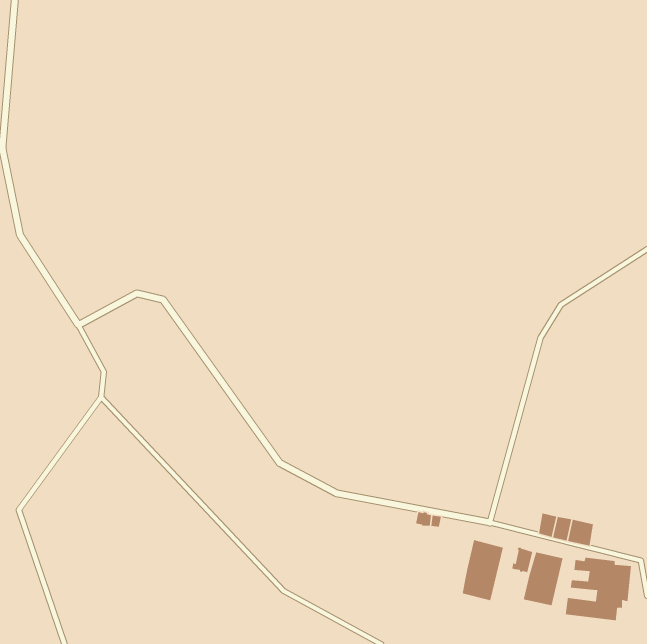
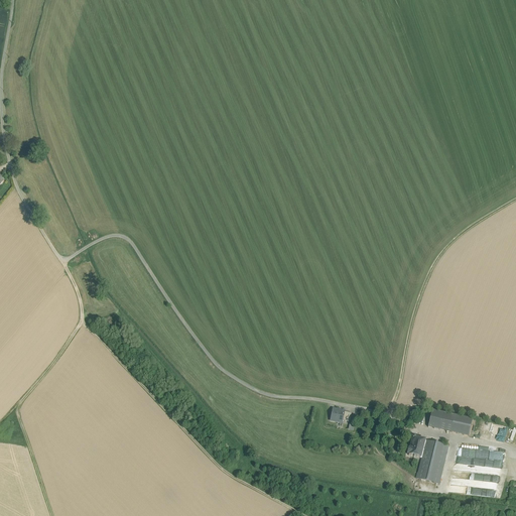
building: [462,539,504,601] -> none

